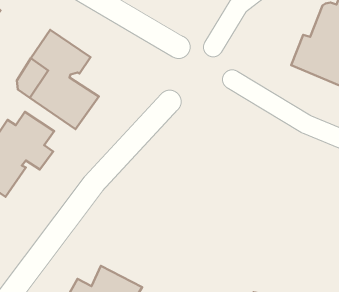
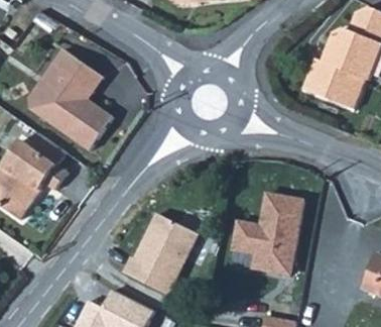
building: none -> [237,187,306,268]
building: none -> [125,215,197,293]

